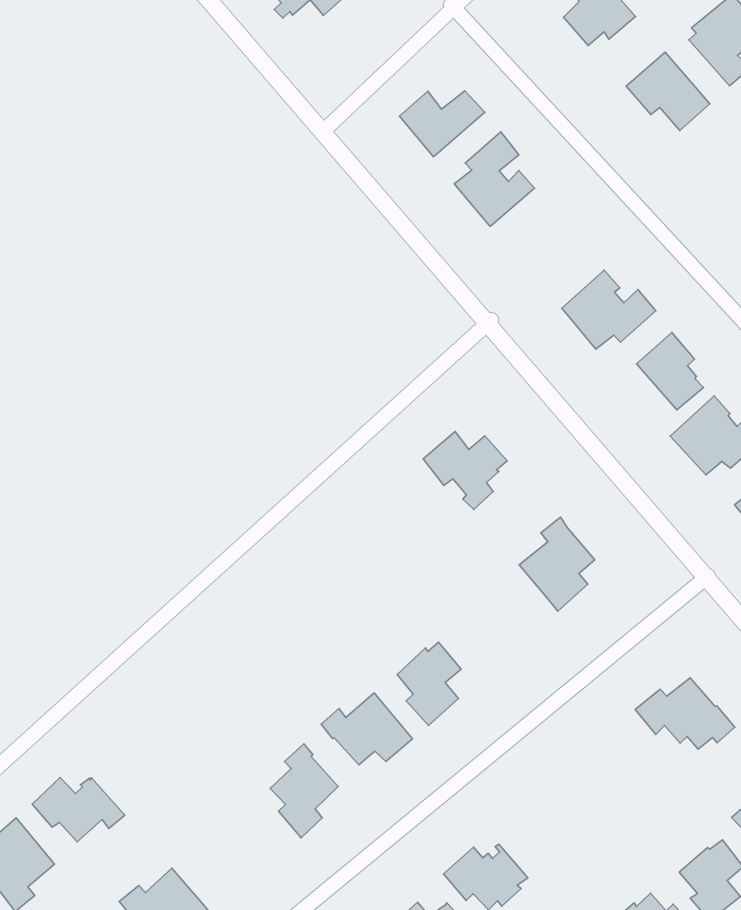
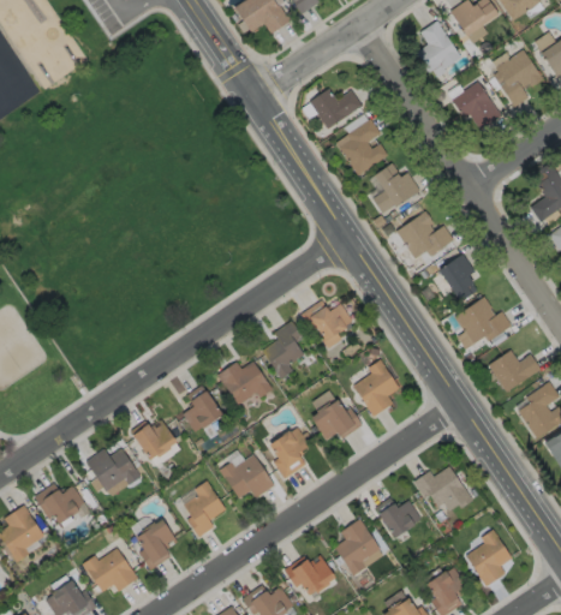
building: none -> [372,162,420,213]
building: none -> [261,321,304,378]
building: none -> [217,360,271,405]
building: none -> [311,399,362,440]
building: none -> [183,384,222,431]
building: none -> [131,419,177,460]
building: none -> [86,449,142,492]
building: none -> [375,498,420,538]
building: none -> [334,519,380,577]
building: none -> [136,520,177,571]

